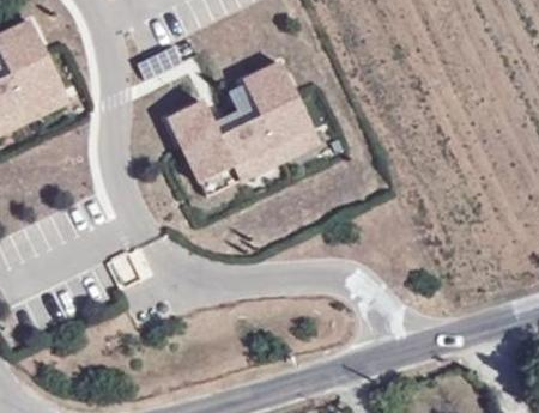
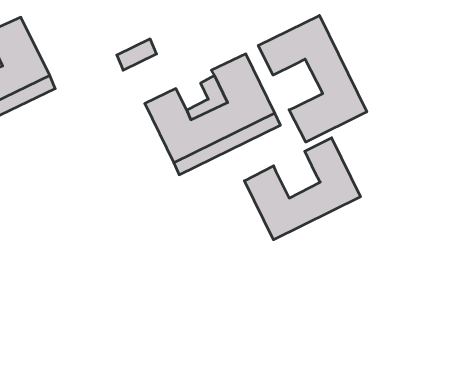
building: none -> [258,15,367,142]
building: none -> [244,138,360,240]

